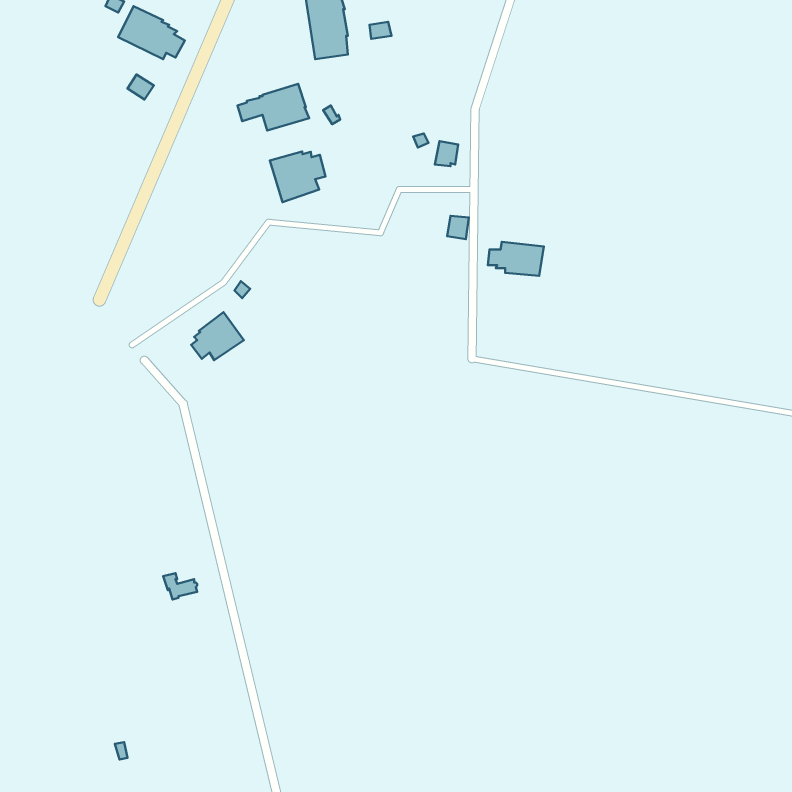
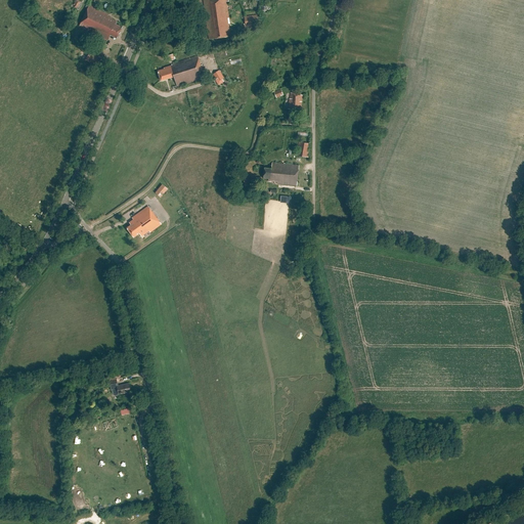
building: [270,151,326,202] -> none
building: [488,242,544,276] -> [262,163,299,185]

